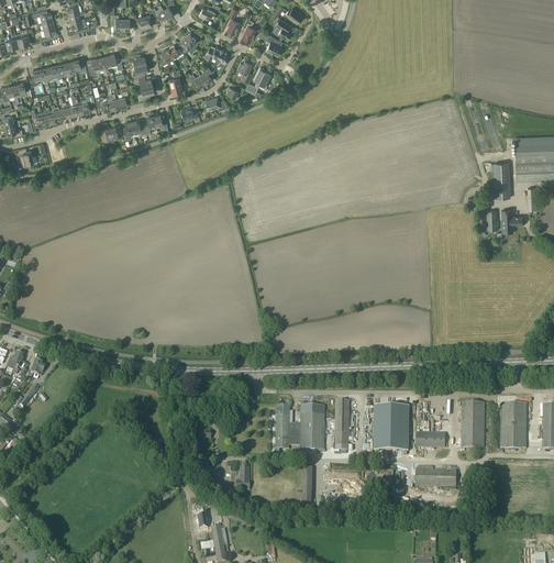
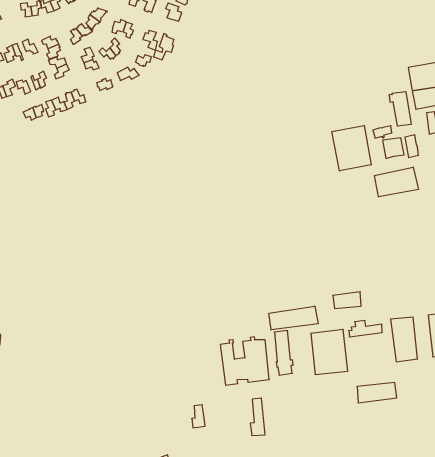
building: none -> [332,125,371,171]
building: none -> [375,167,418,197]
building: none -> [269,306,318,330]
building: [416,432,445,448] -> [333,292,361,309]

